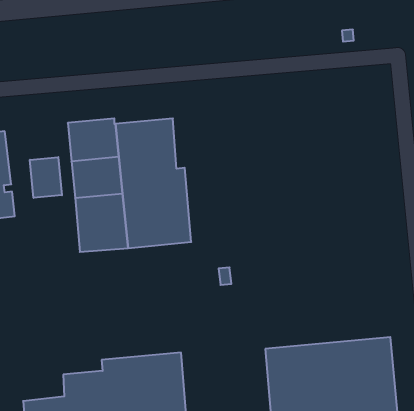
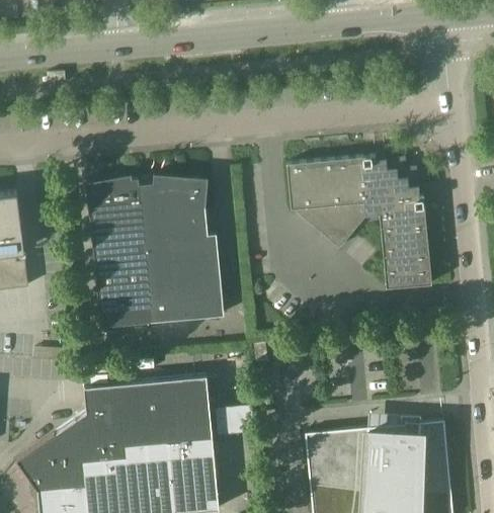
building: none -> [286,157,431,289]
building: [30,157,62,198] -> none
building: none -> [16,377,213,492]

